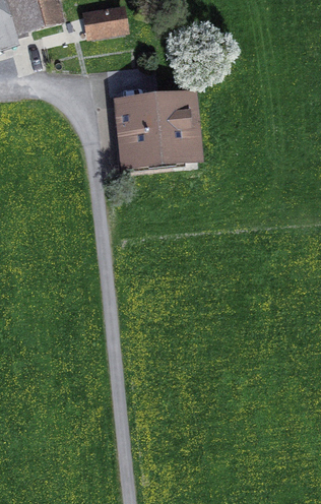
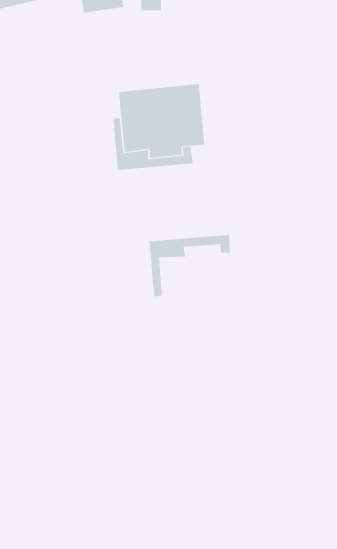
building: none -> [149,234,231,297]

